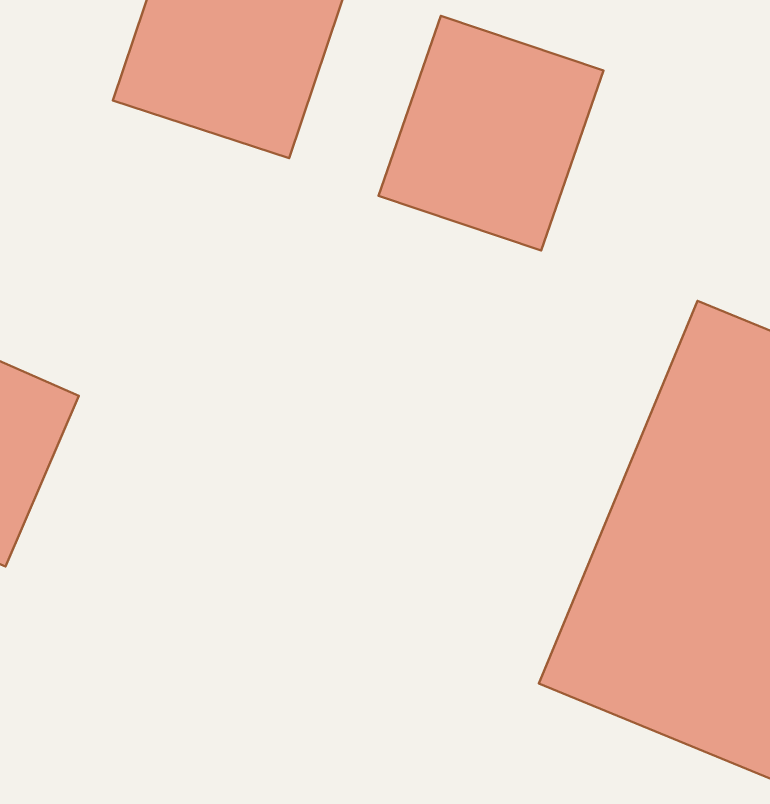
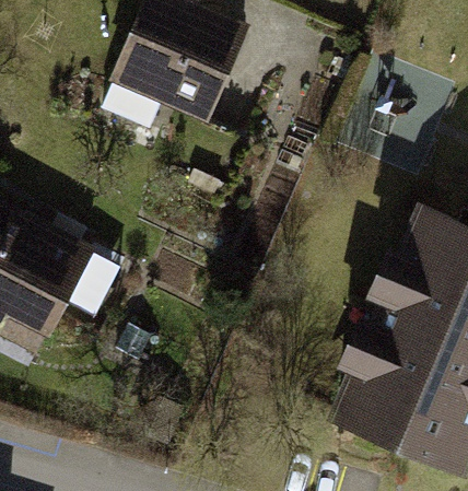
building: [379,16,604,250] -> none

